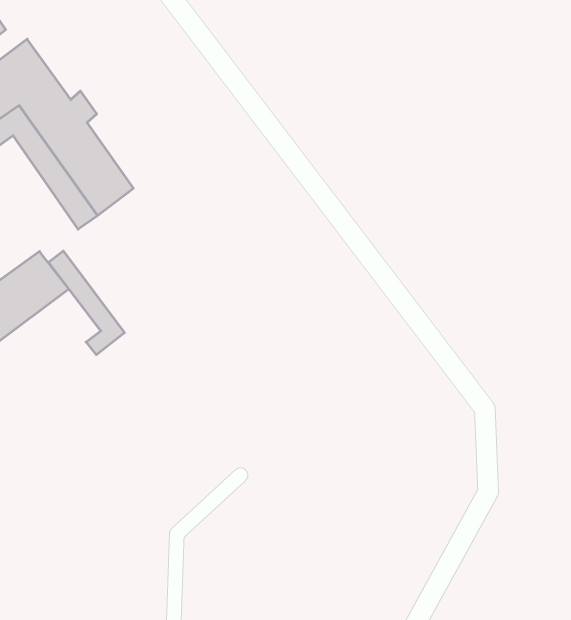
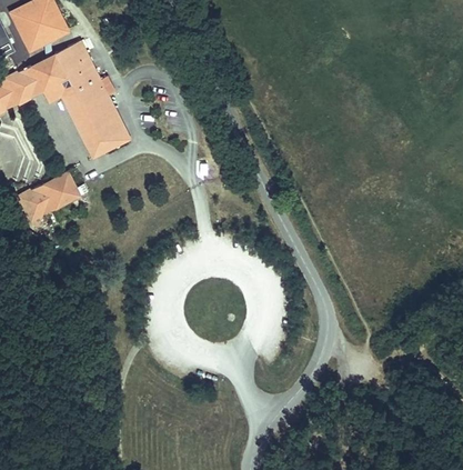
building: [48,251,124,355] -> none

